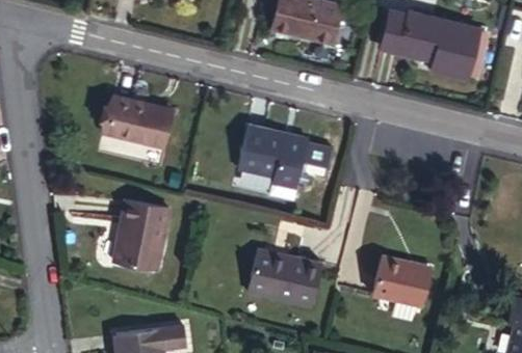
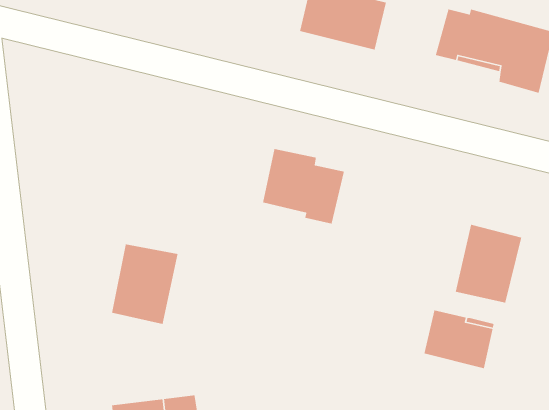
building: [109,99,171,144] -> none
building: none -> [455,224,522,304]
building: [247,245,323,304] -> none

